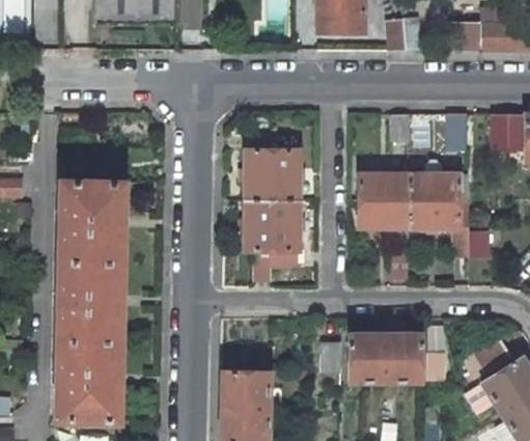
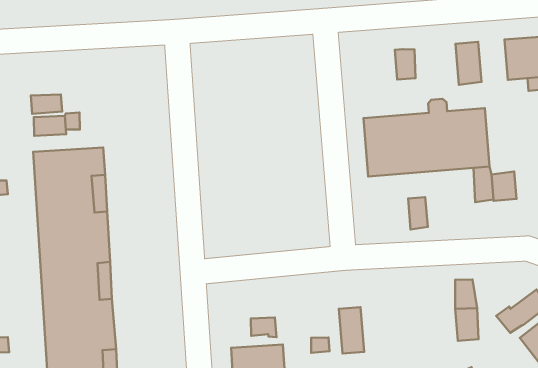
building: [246,133,300,281] -> none
building: [350,333,421,380] -> none

